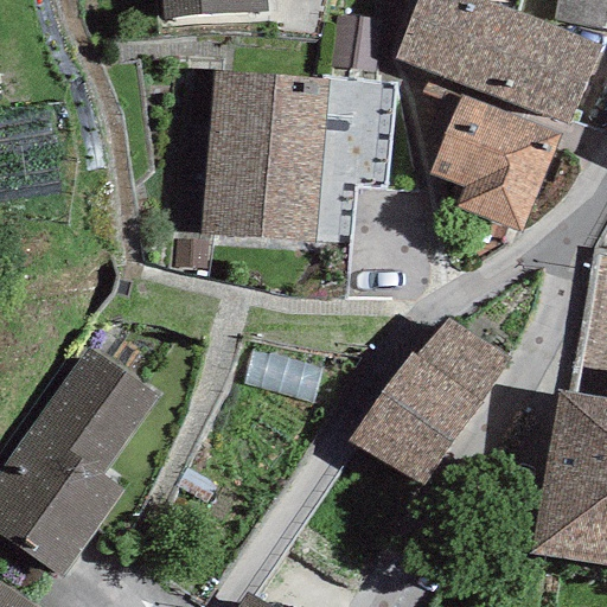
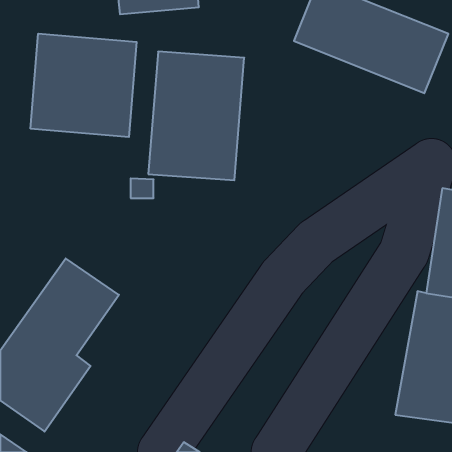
building: none -> [31,34,137,137]
building: [429,91,563,232] -> none
building: [349,319,511,483] -> none

